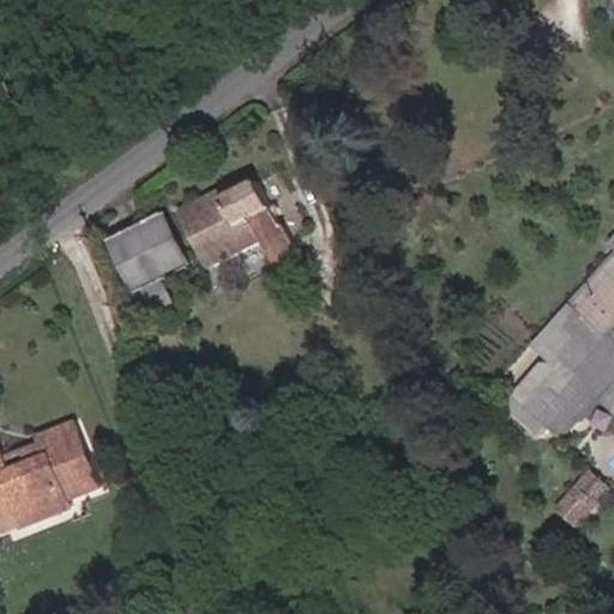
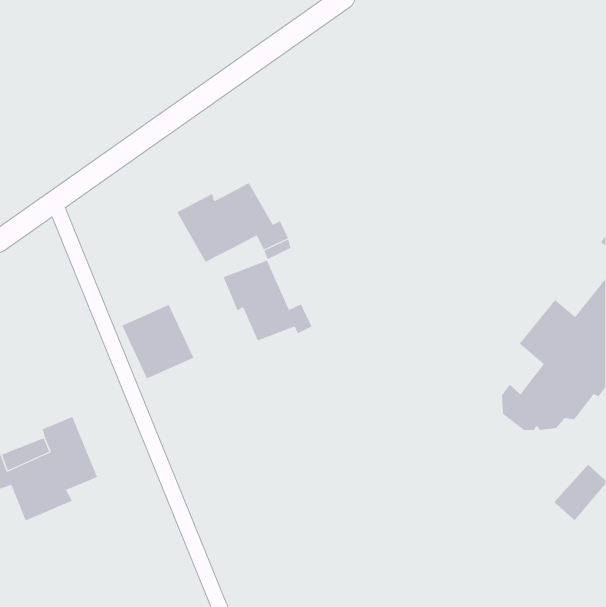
building: [113,212,186,288] -> [121,304,194,379]
building: none -> [223,260,312,341]

